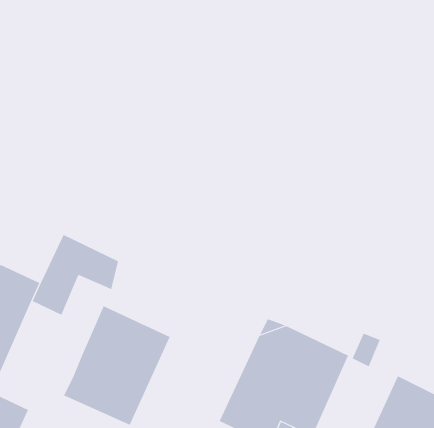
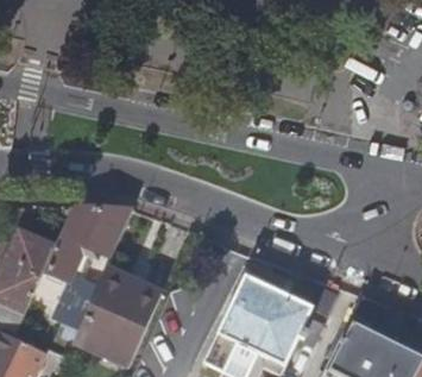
building: none -> [50,271,100,326]

